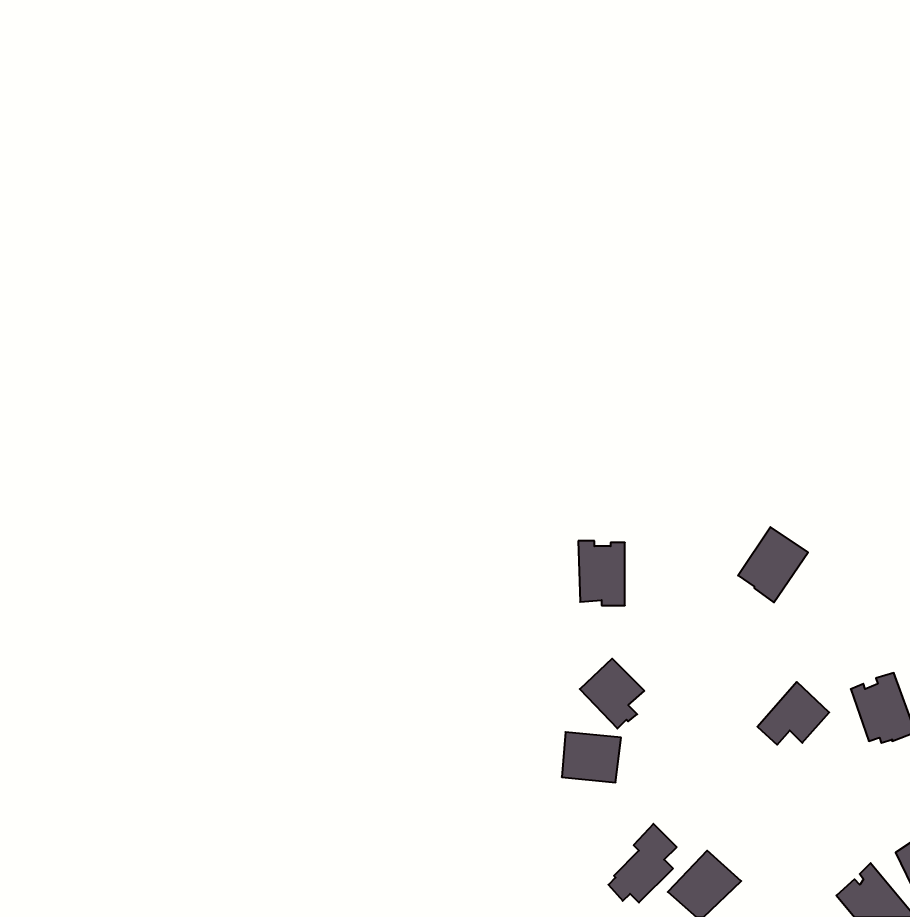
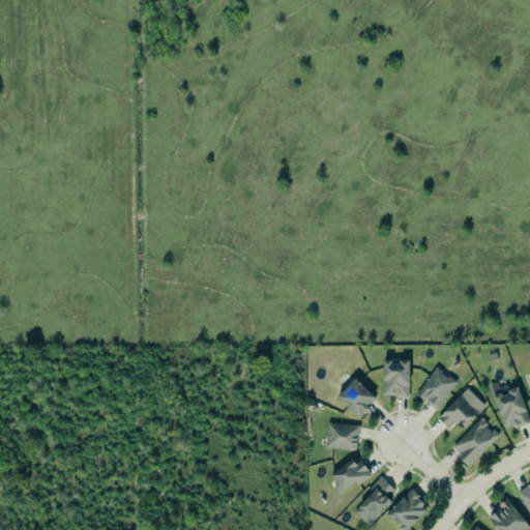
building: [738,527,808,602] -> [419,367,460,411]
building: [578,541,625,605] -> [383,361,410,399]
building: none -> [452,416,500,466]
building: none -> [330,457,373,493]

